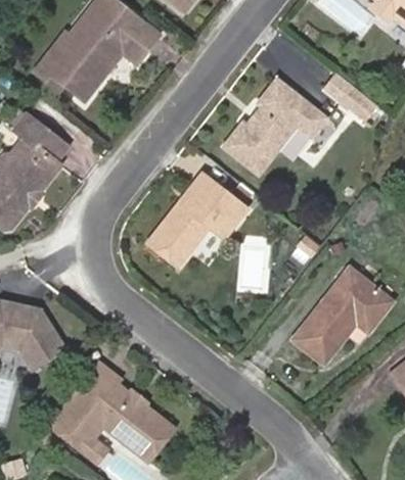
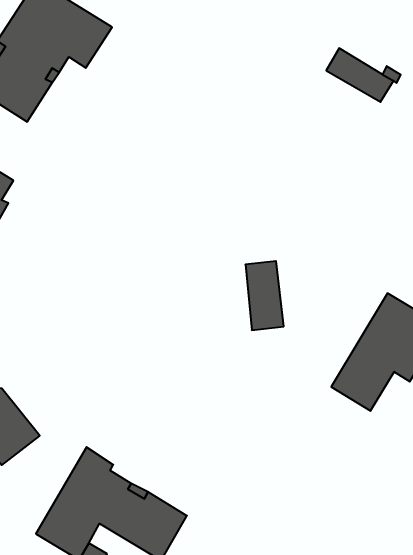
building: [222,79,326,175] -> none
building: [149,175,246,267] -> none

